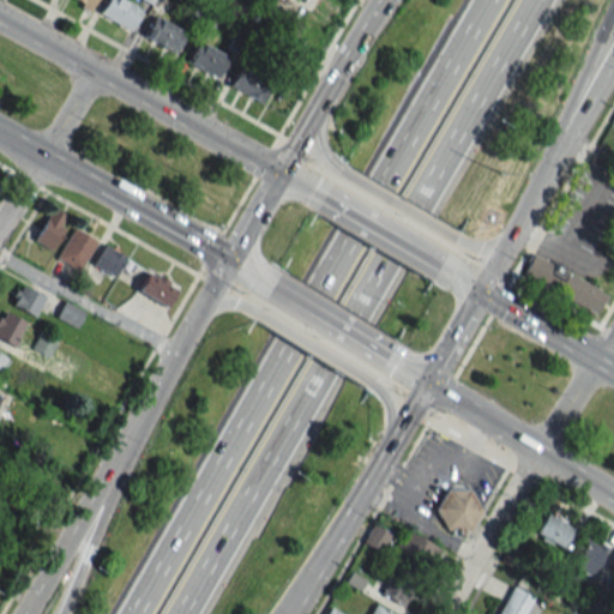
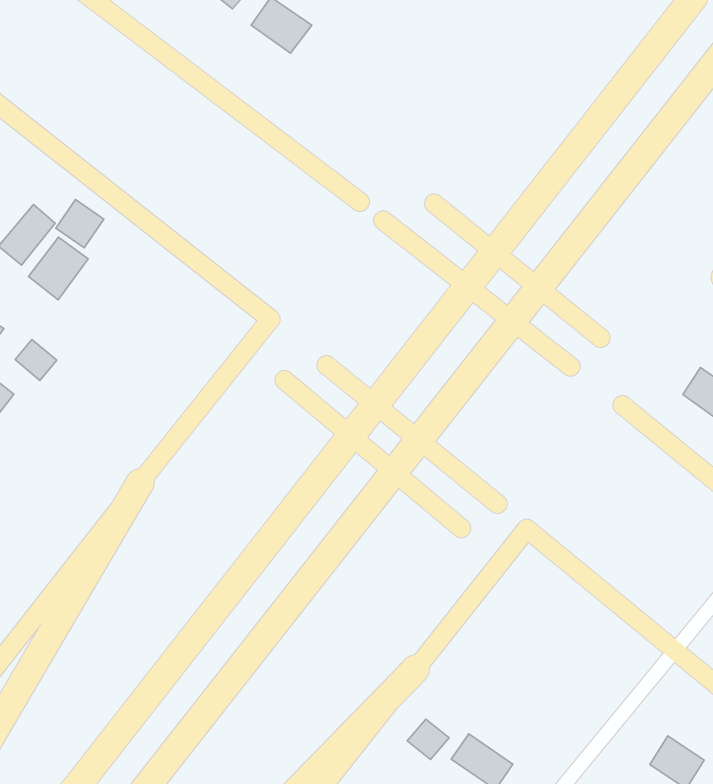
building: [234,70,273,102] -> none
building: [97,245,130,277] -> [56,200,104,248]
building: [142,272,181,308] -> none
building: [439,492,483,532] -> none

